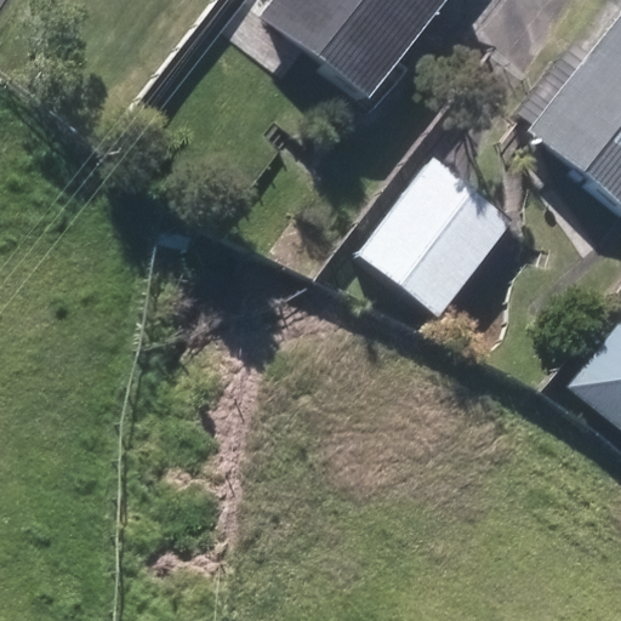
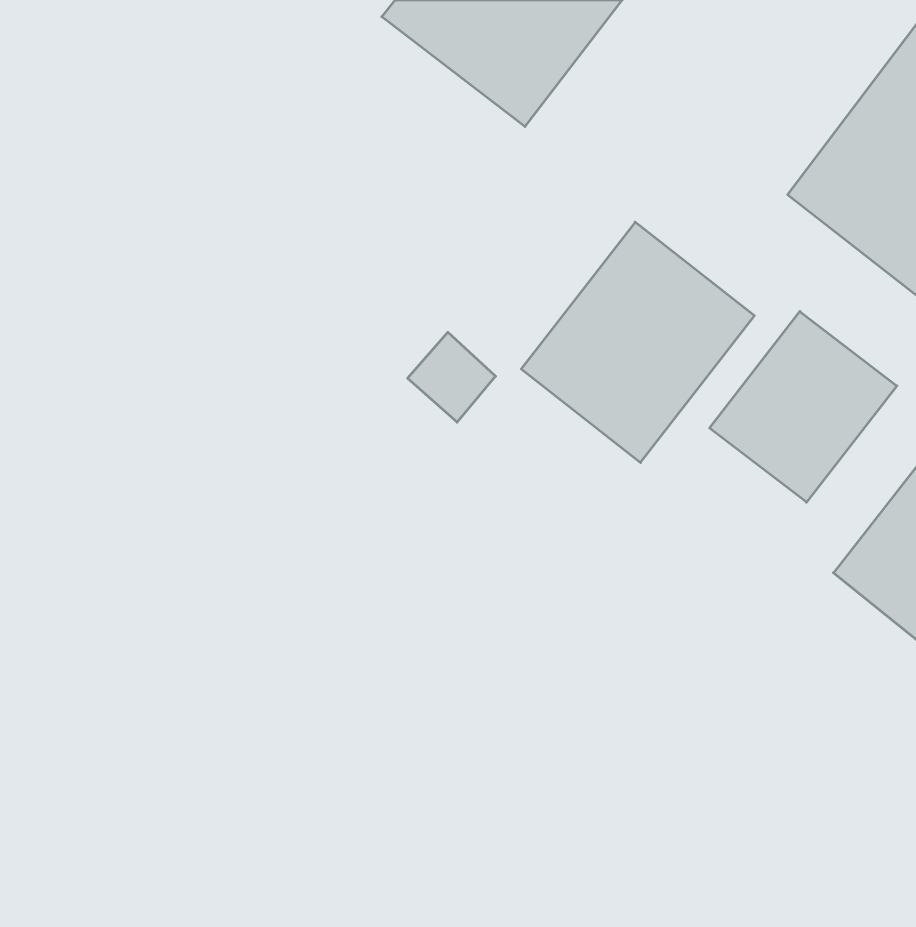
building: none -> [710,311,897,502]

